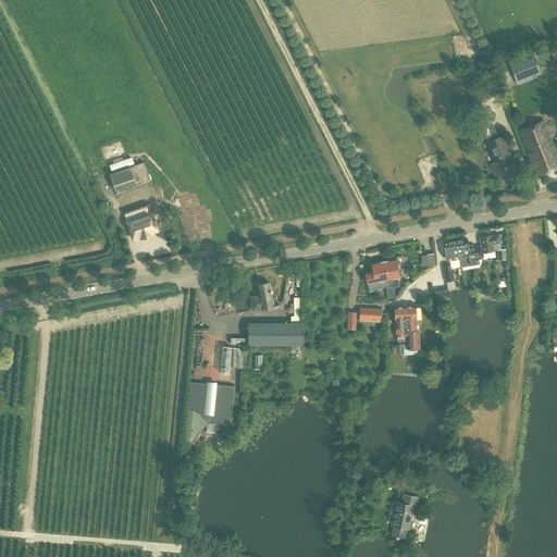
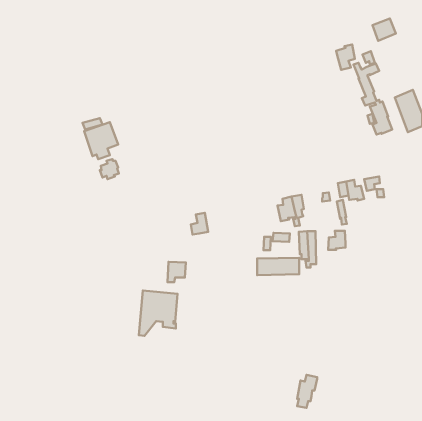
building: [510,57,541,86] -> [373,18,396,41]
building: none -> [336,45,355,70]
building: none -> [328,231,346,250]
building: [248,322,304,345] -> [257,258,299,275]

